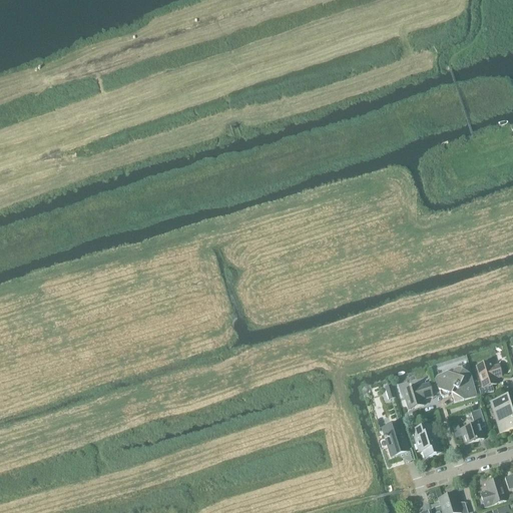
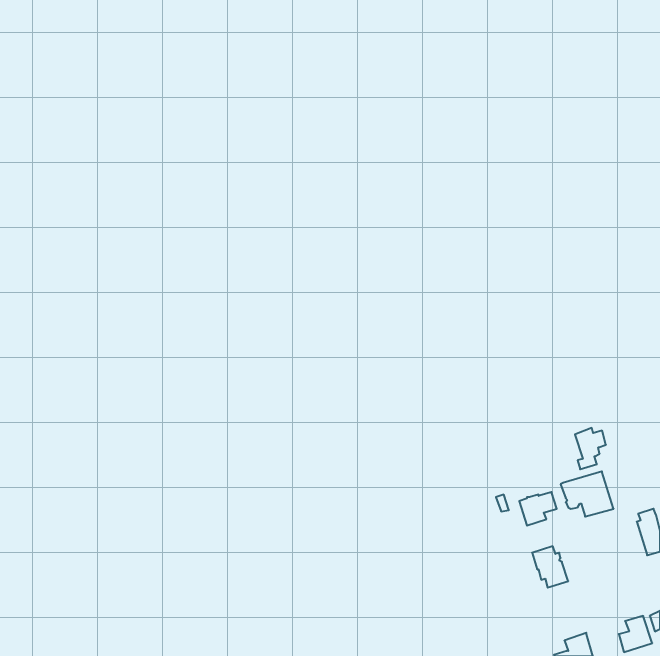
building: [477,362,501,394] -> [575,428,606,469]
building: [460,408,485,443] -> none
building: [382,421,409,456] -> none

